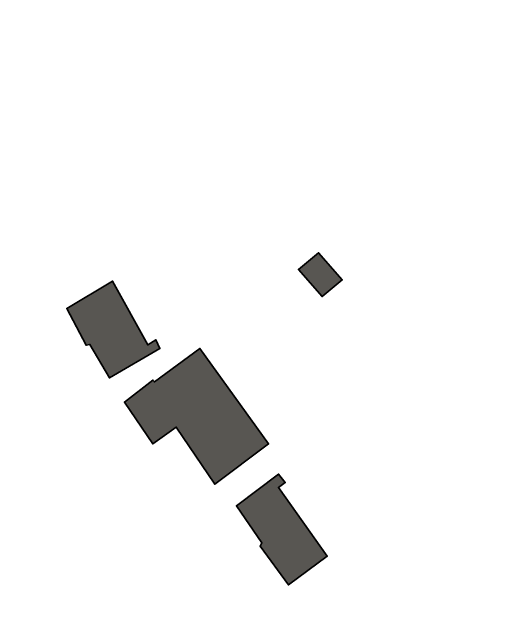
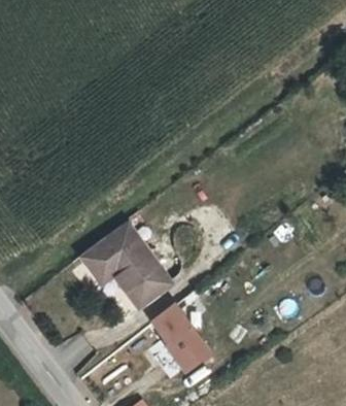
building: [67,281,160,378] -> none

